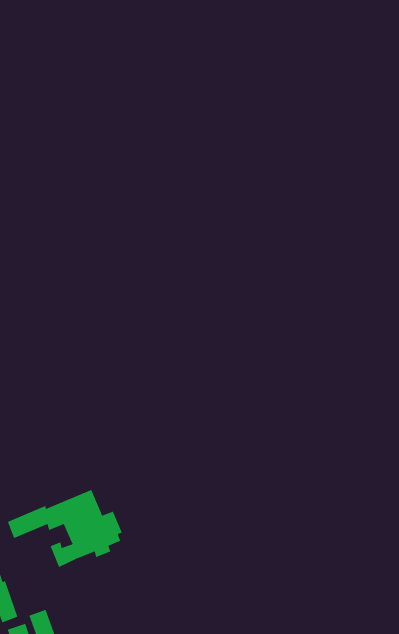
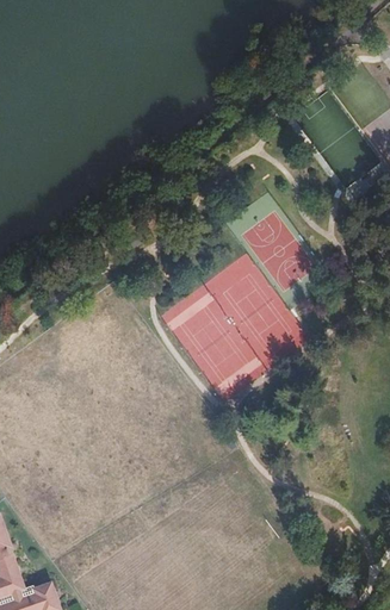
building: [7,489,122,568] -> none

